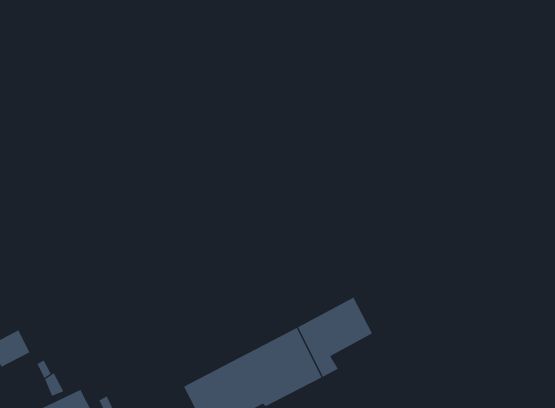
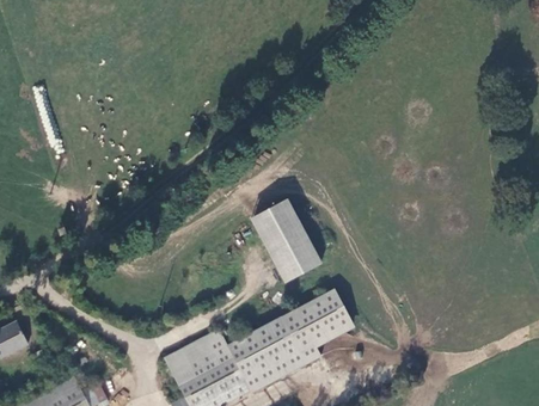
building: none -> [250,197,323,283]
building: none -> [165,330,226,374]

